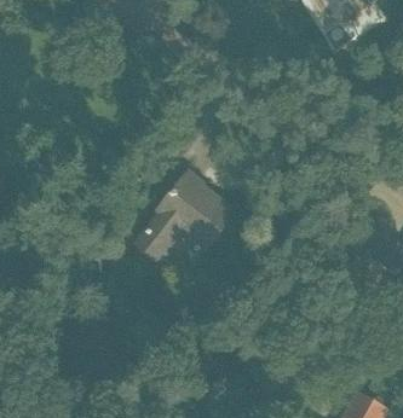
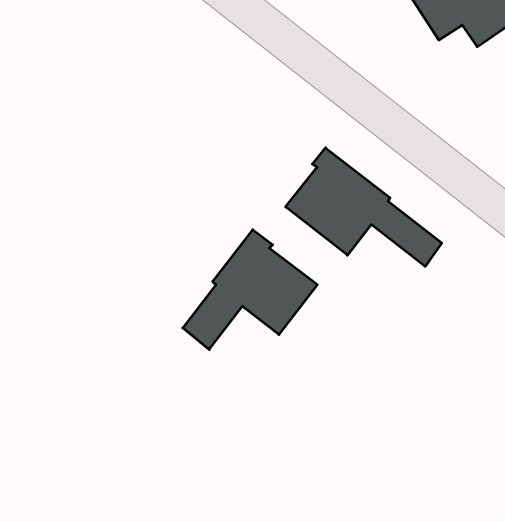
building: none -> [286,148,442,266]

